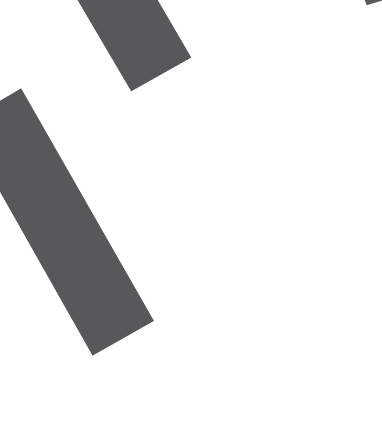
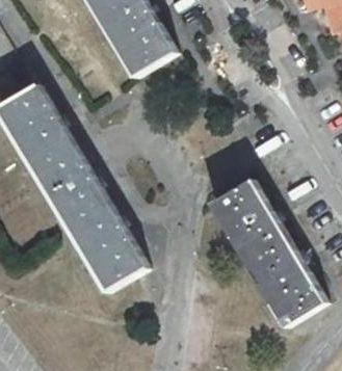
building: none -> [207,173,325,329]

